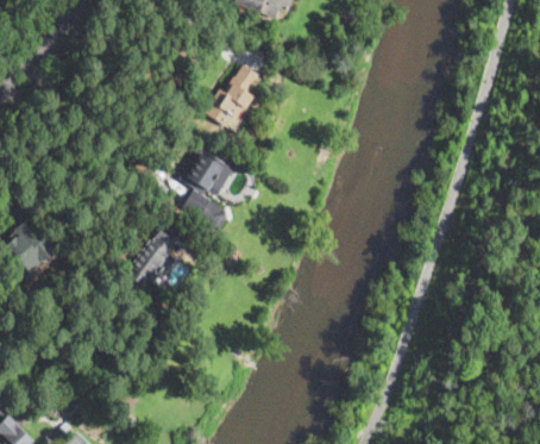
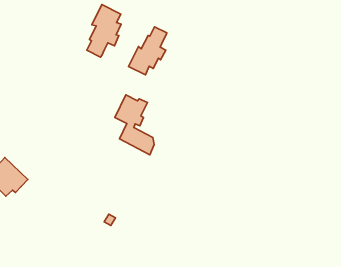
building: none -> [87,5,121,57]
building: [128,224,182,289] -> none

